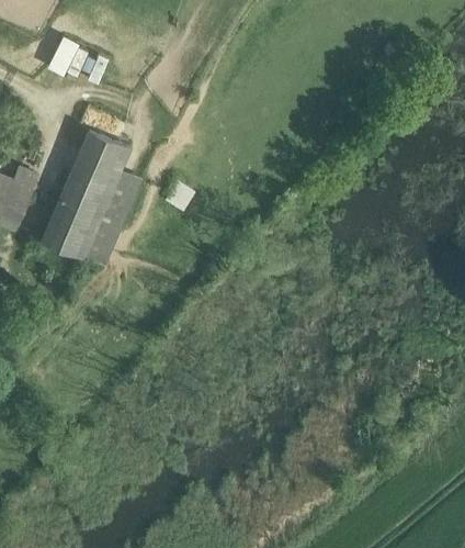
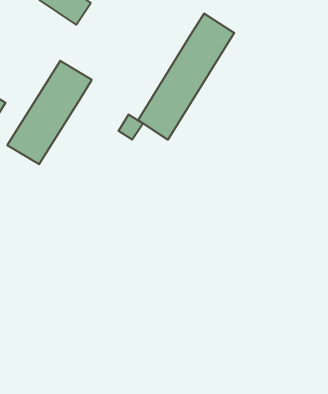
building: none -> [138,13,234,140]
building: [83,170,139,266] -> none

